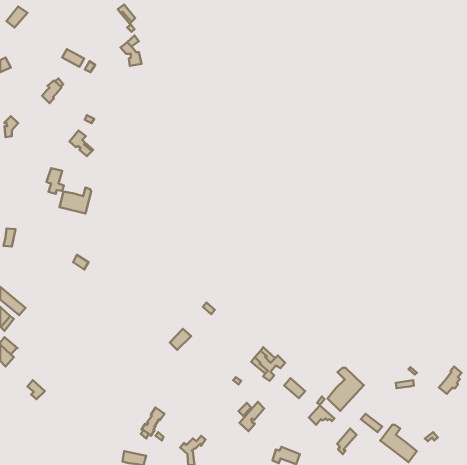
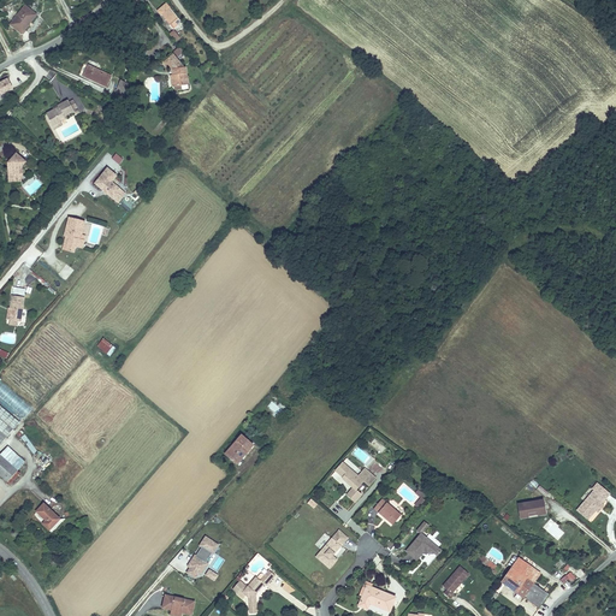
building: [59,187,91,214] -> none
building: [327,368,364,411] -> none

